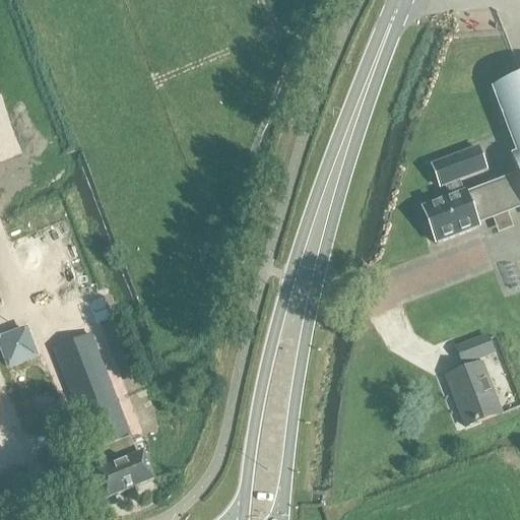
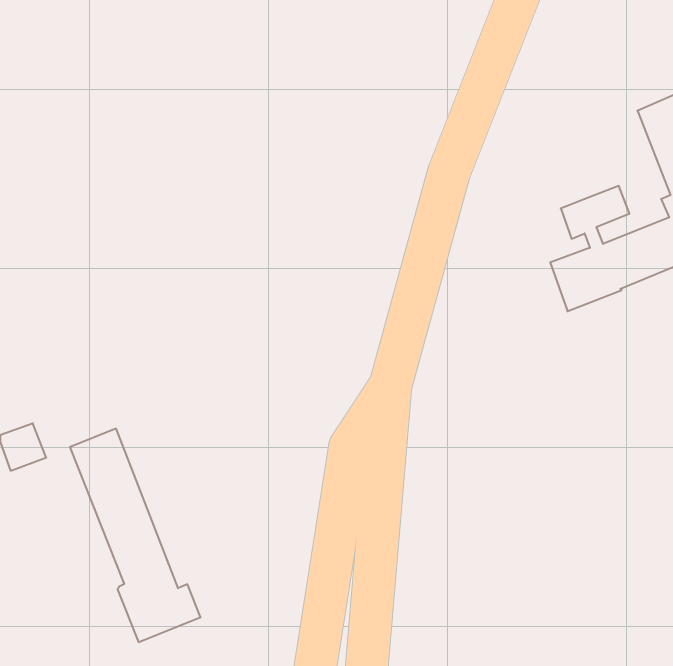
building: [459,330,495,359] -> none
building: [448,360,498,421] -> none

